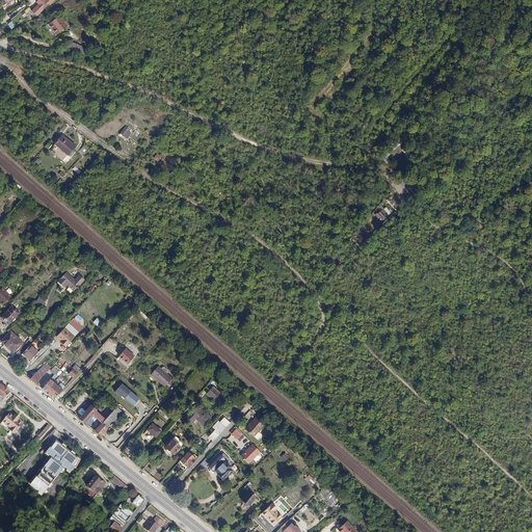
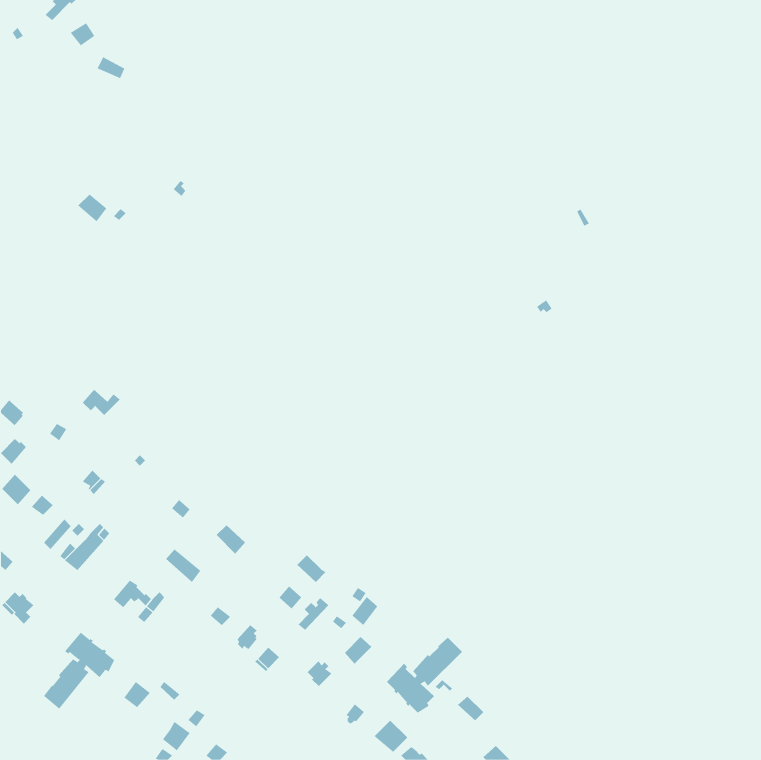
building: none -> [386,637,463,713]

